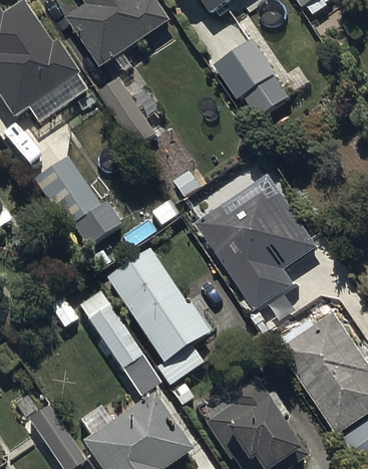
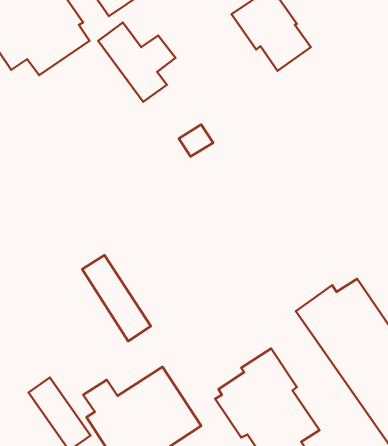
building: [36,153,117,240] -> none
building: [197,172,319,308] -> none
building: [105,248,209,384] -> none

